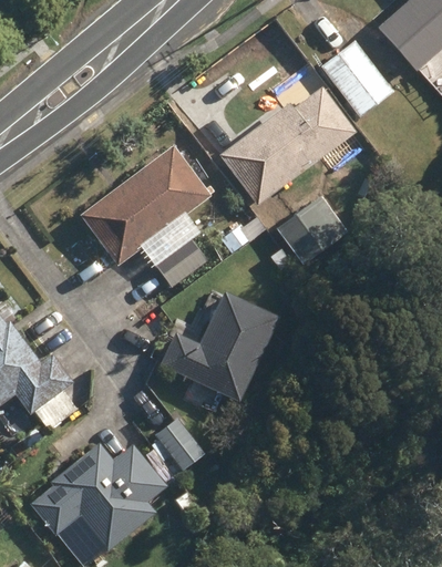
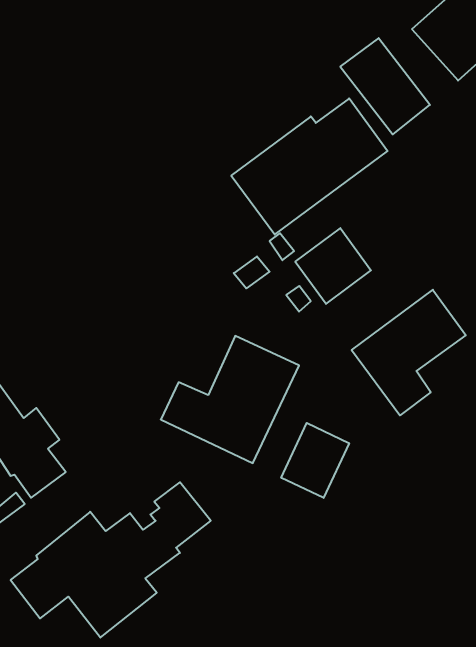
building: [81,145,210,287] -> none
building: none -> [352,290,466,415]
building: none -> [281,423,349,498]

